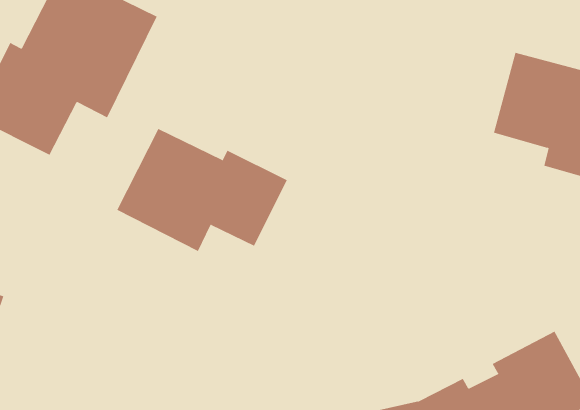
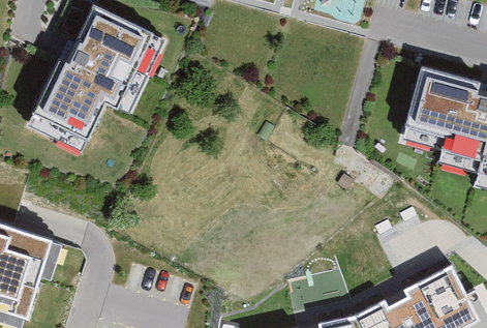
building: [116,128,288,252] -> none

